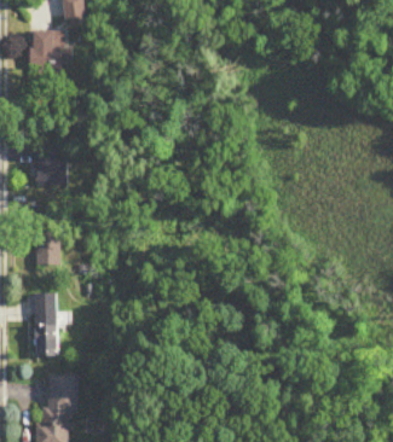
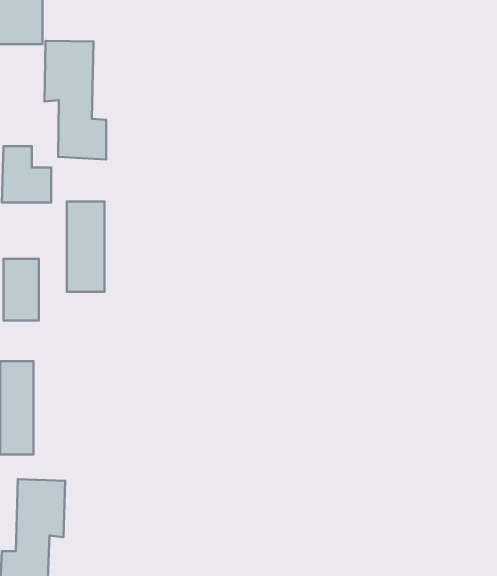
building: none -> [45,41,106,159]
building: none -> [67,201,105,292]

